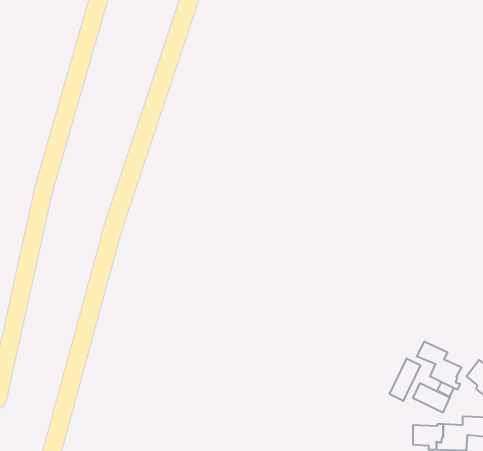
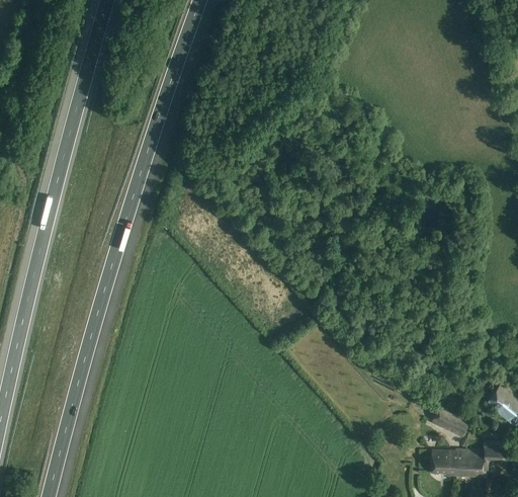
building: [417,341,461,390] -> none
building: [390,358,420,401] -> none

